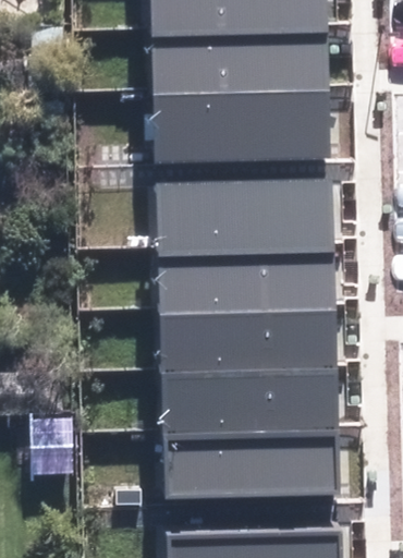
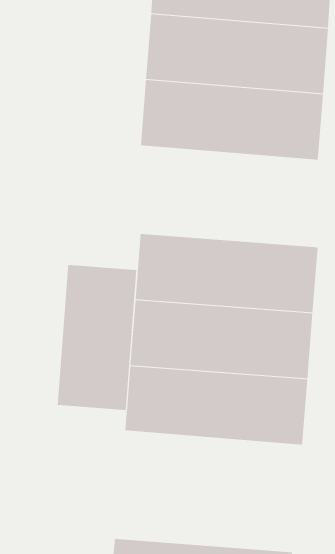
building: [160,173,332,240] -> none
building: none -> [57,264,137,411]
building: [164,426,335,492] -> none

